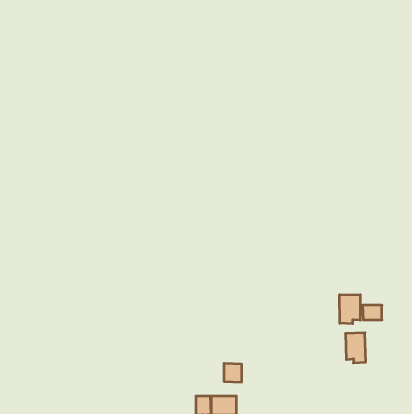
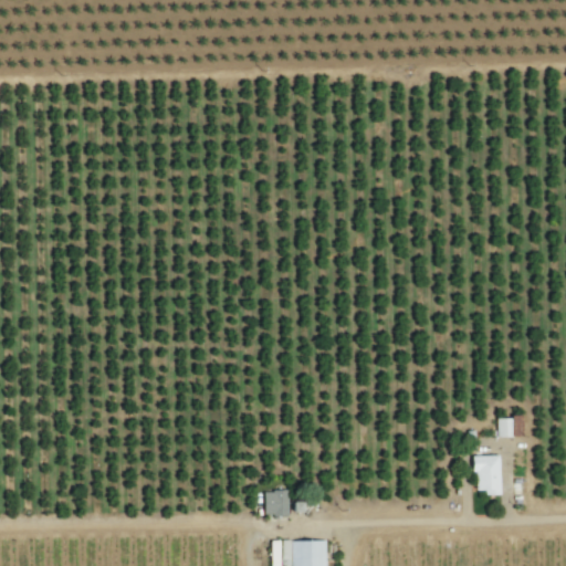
building: [340,295,360,324] -> none
building: [224,363,242,382] -> [265,491,290,516]

